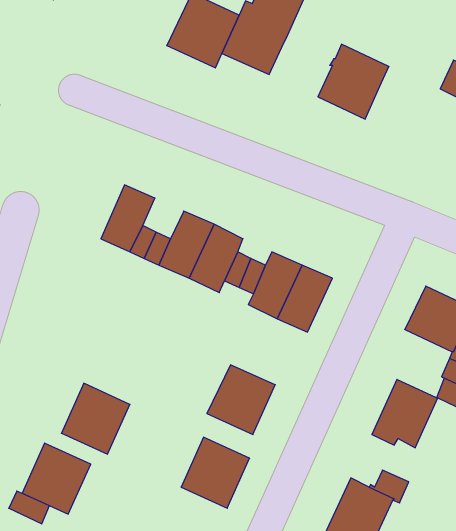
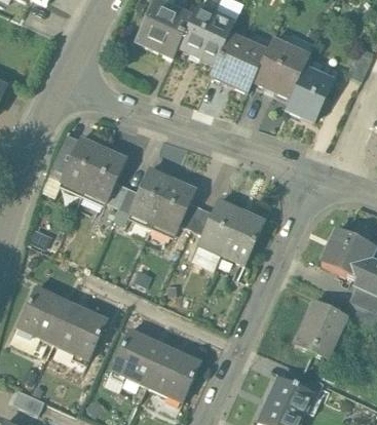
building: none -> [210,38,264,91]
building: none -> [285,72,330,121]
building: none -> [60,139,102,191]
building: [207,365,275,435] -> [110,331,163,385]
building: [22,443,91,514] -> [16,287,70,343]

